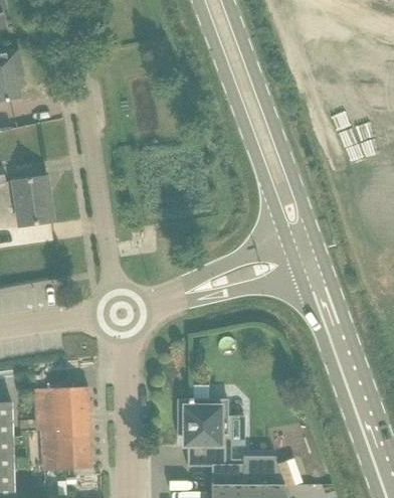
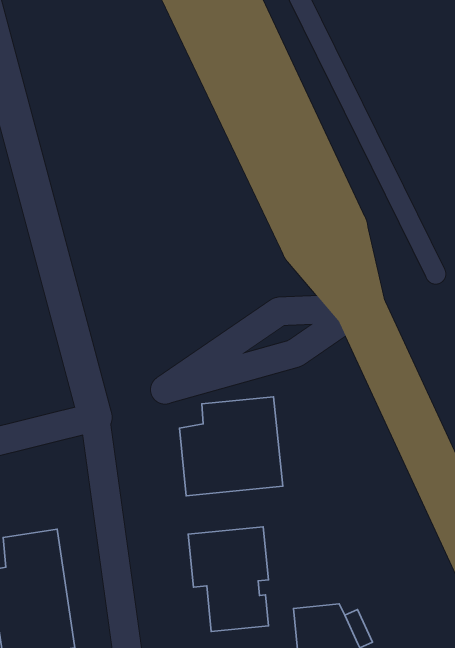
building: none -> [180,397,283,496]

